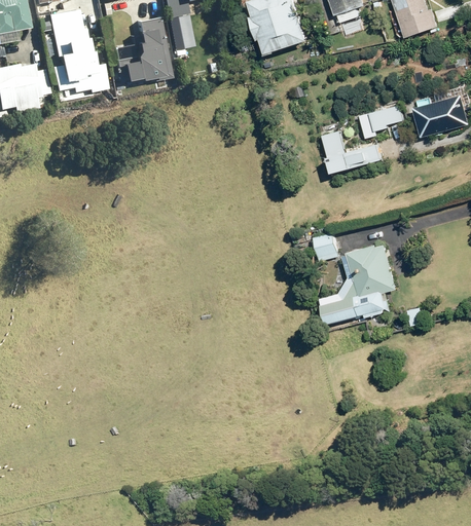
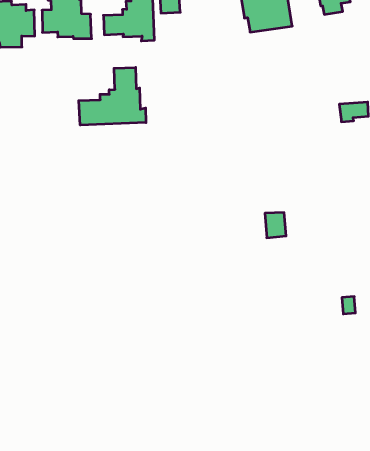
building: none -> [79,67,146,125]
building: [323,129,381,171] -> none
building: [320,243,396,323] -> none

